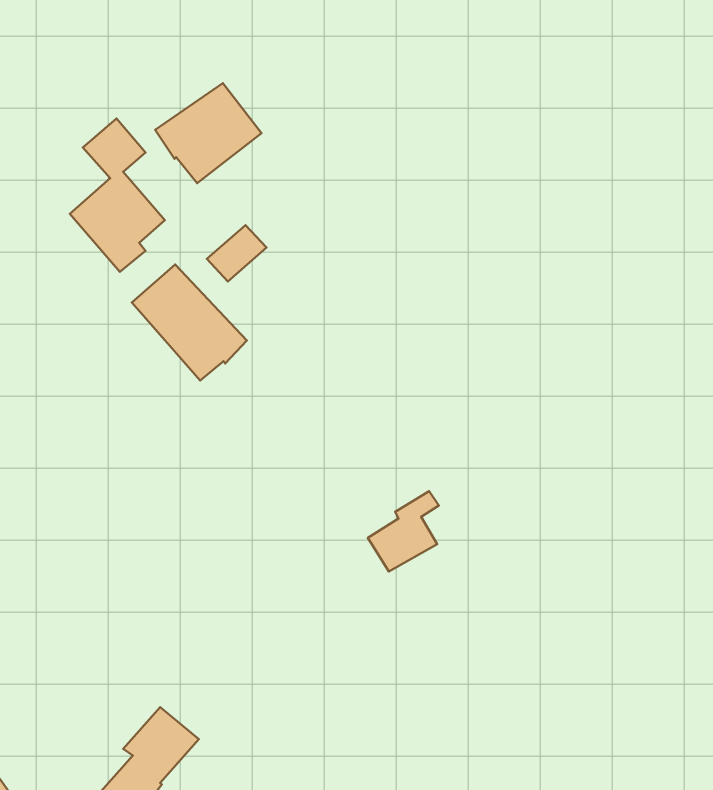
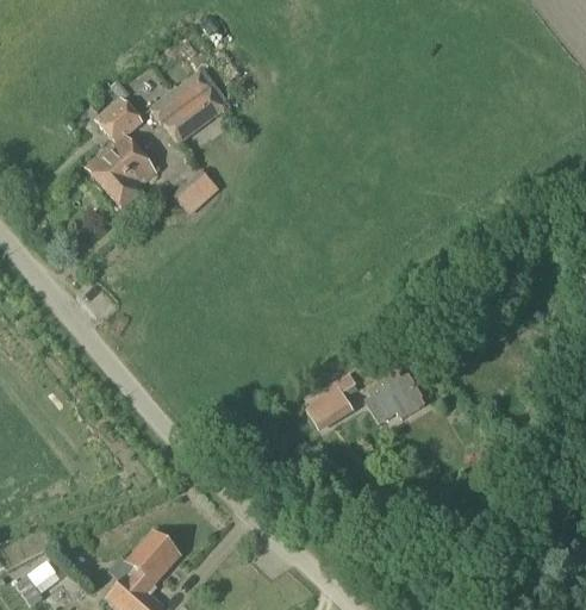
building: [132,265,247,380] -> none
building: none -> [369,372,425,419]

